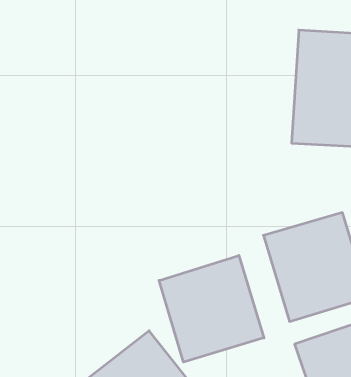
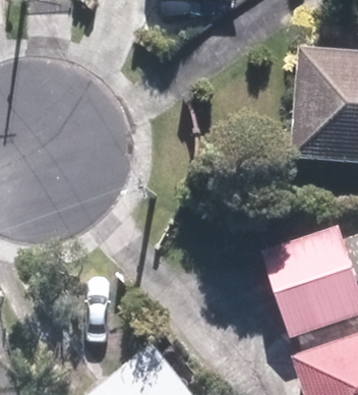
building: [159,255,264,362] -> none

